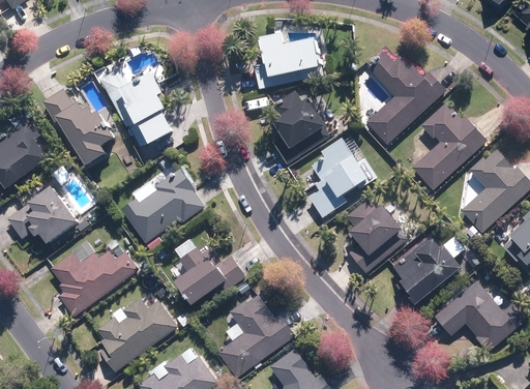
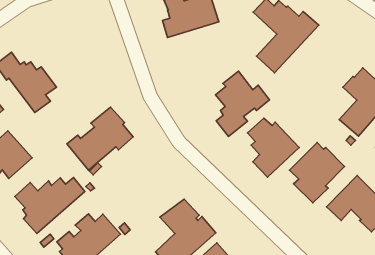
building: [100,68,171,146] -> none
building: [268,90,329,163] -> none
building: [412,102,487,189] -> none
building: [173,246,246,305] -> none

